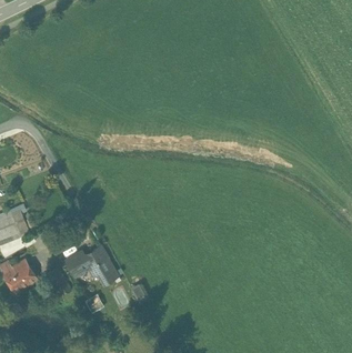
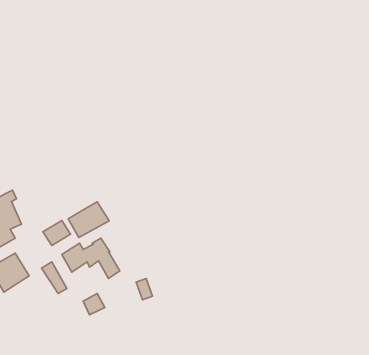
building: none -> [68,202,109,238]

